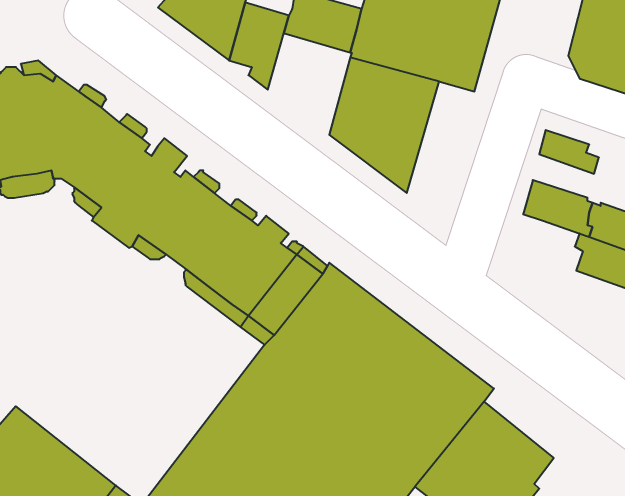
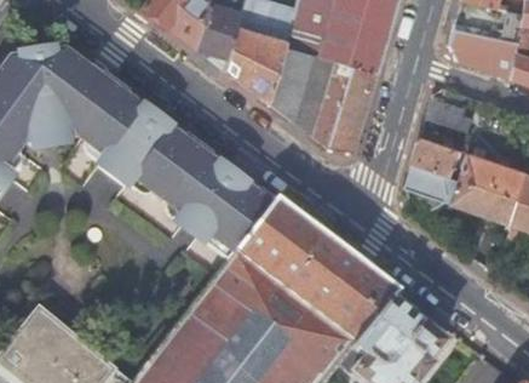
building: none -> [228,27,291,103]
building: none -> [332,63,383,150]
building: none -> [412,162,464,205]

